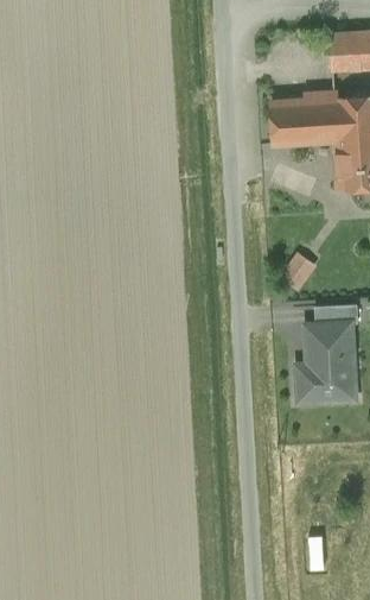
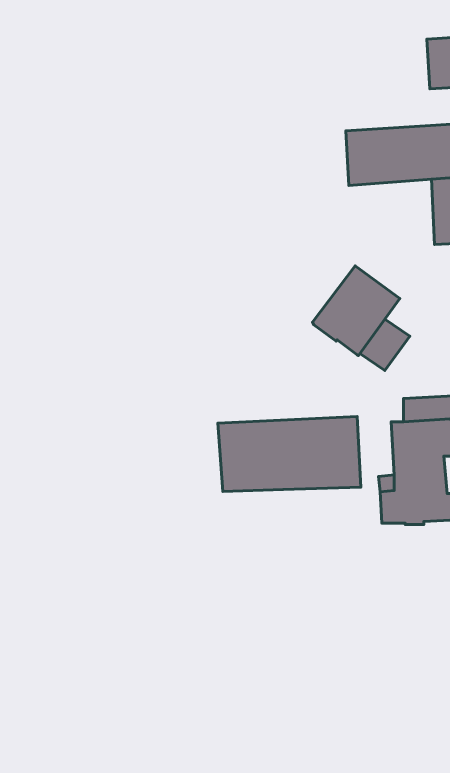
building: none -> [312,266,400,355]
building: none -> [218,416,361,492]

